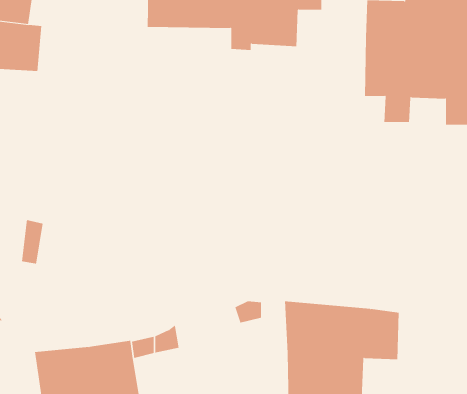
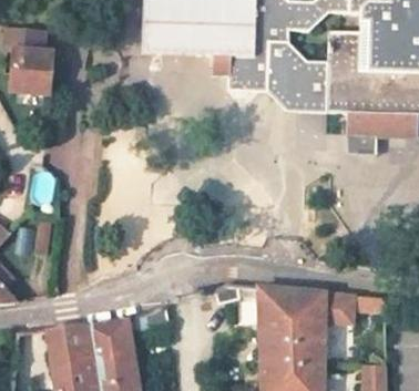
building: none -> [229,40,327,113]
building: none -> [341,114,395,156]

